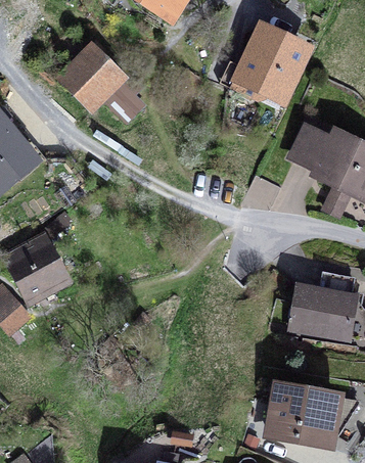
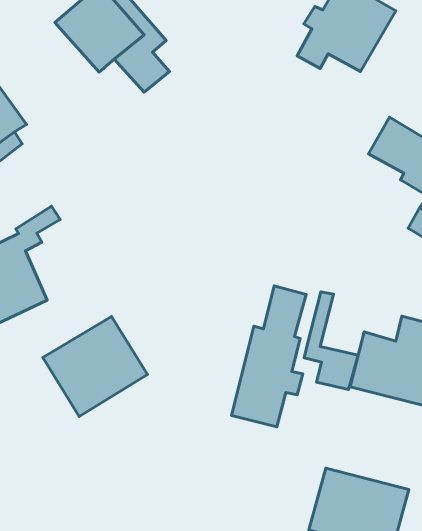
building: none -> [232,286,306,427]
building: none -> [304,292,358,389]
building: none -> [43,317,147,417]

